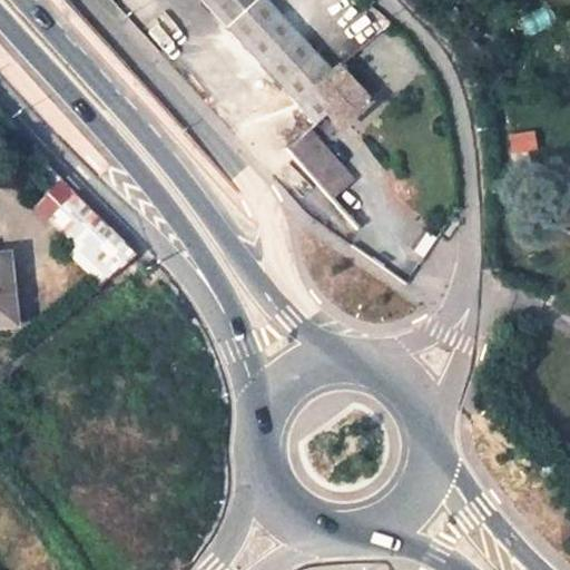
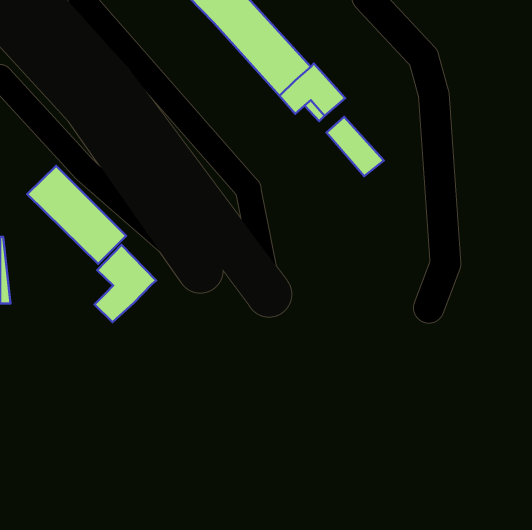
building: [289,128,351,191] -> [327,117,384,176]
building: none -> [95,245,156,322]

